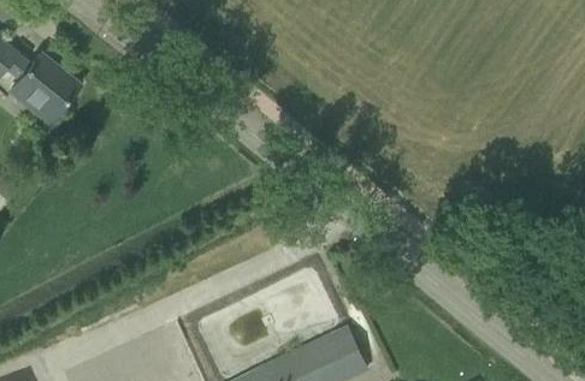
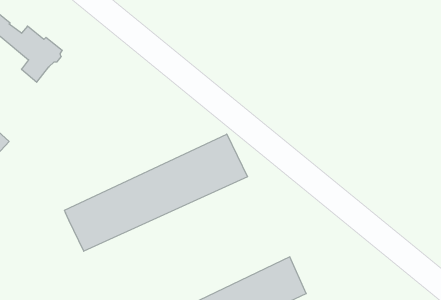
building: none -> [65,134,248,251]

